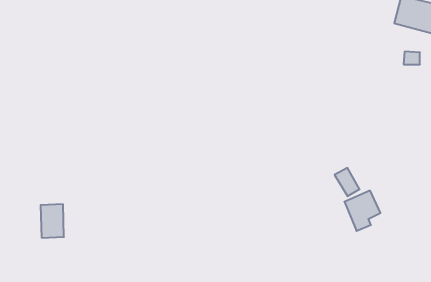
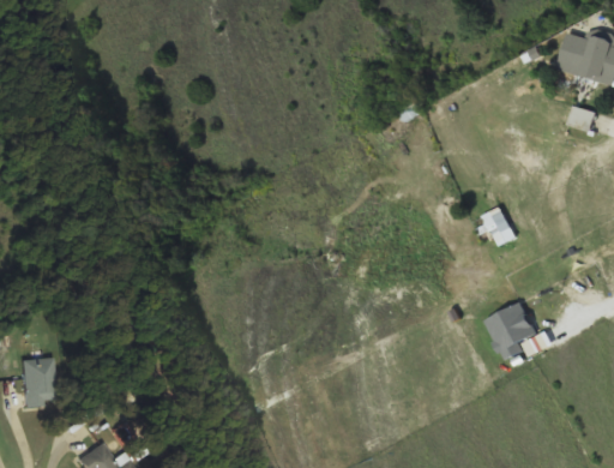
building: [335,168,360,196] -> [481,206,516,246]
building: [41,204,64,238] -> [22,358,54,404]

